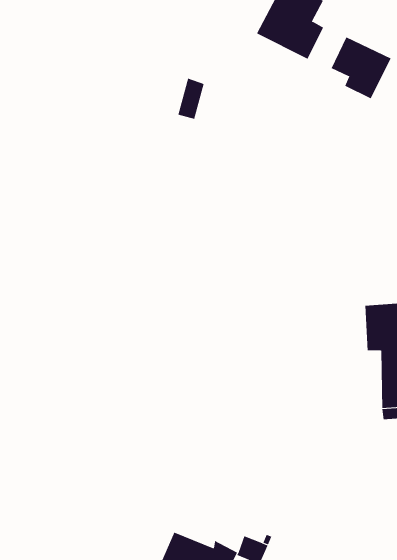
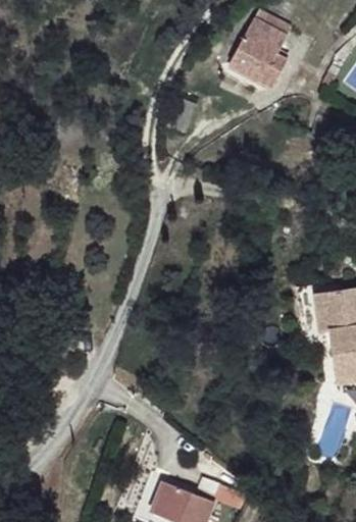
building: [331,36,391,99] -> none

